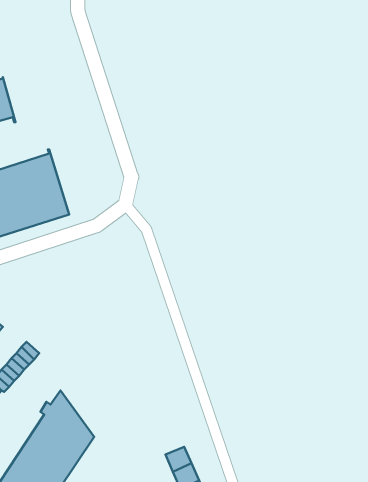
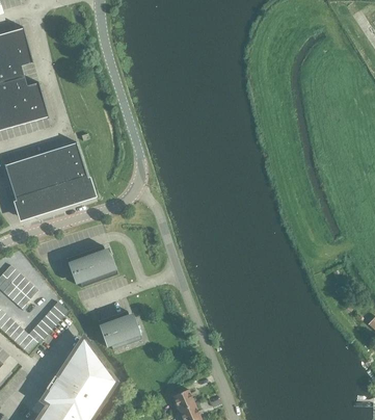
building: none -> [65,244,116,287]
building: none -> [97,310,140,349]

